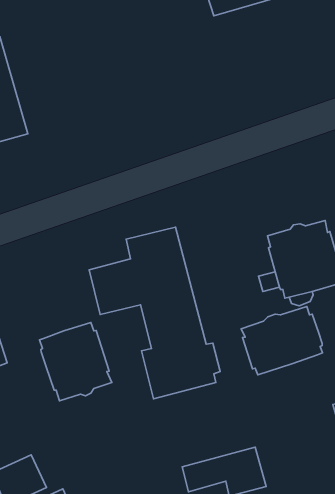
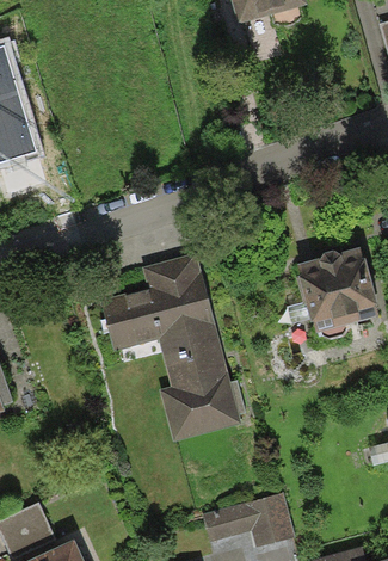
building: [241,306,323,375] -> none
building: [40,322,112,401] -> none

